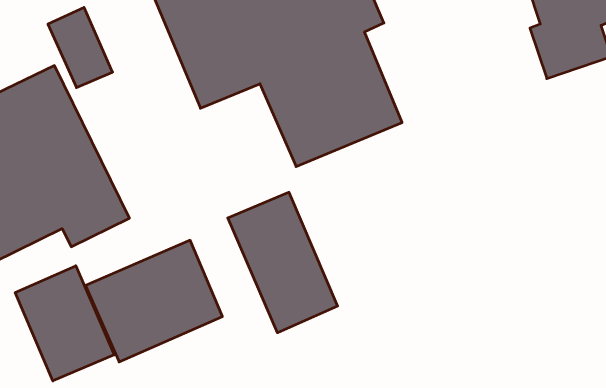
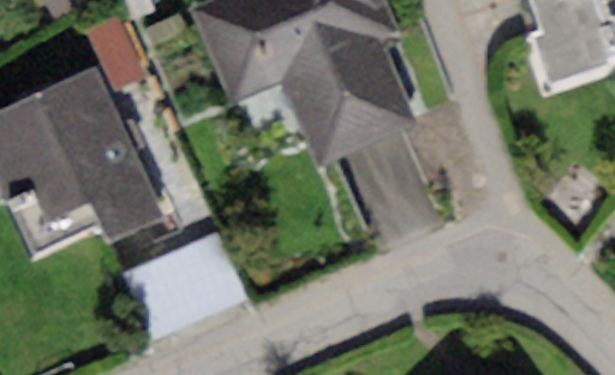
building: [228,192,338,333] -> none
building: [15,266,114,381] -> none

